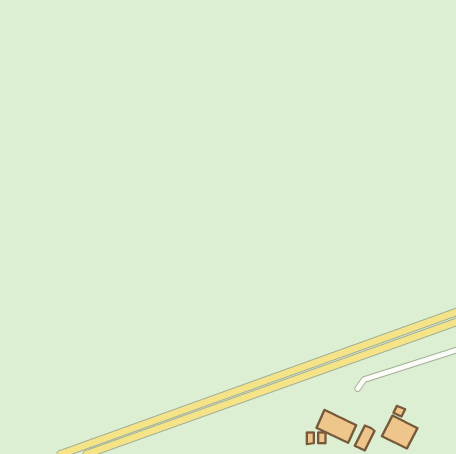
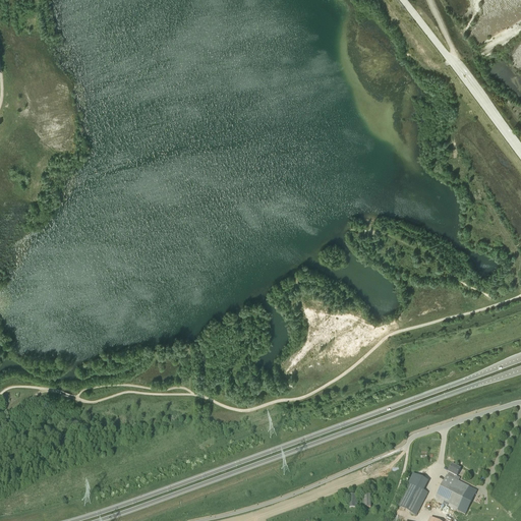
building: [317,410,356,443] -> none

